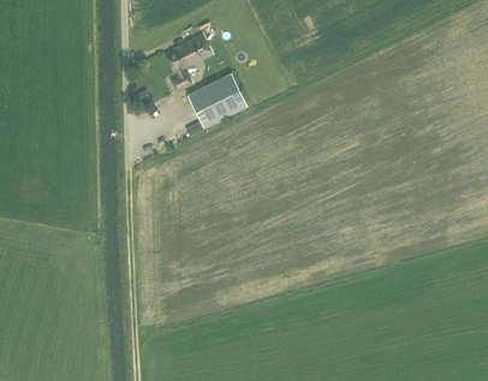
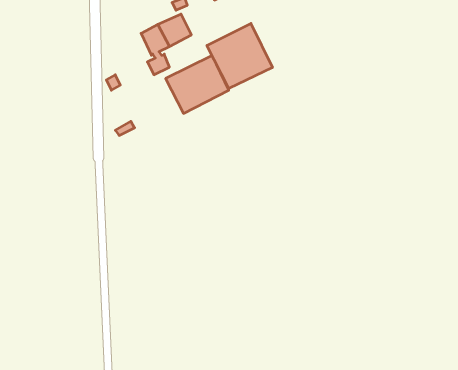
building: none -> [207,23,272,88]

